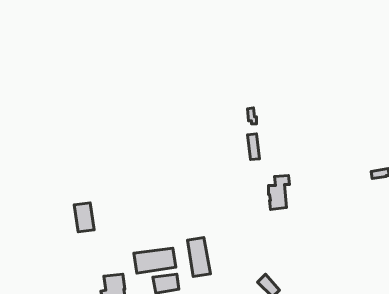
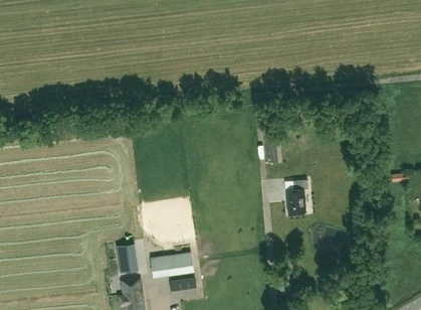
building: [74,203,94,232] -> [117,244,137,273]
building: [188,238,210,276] -> none

